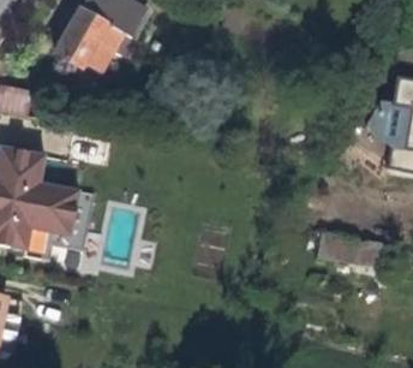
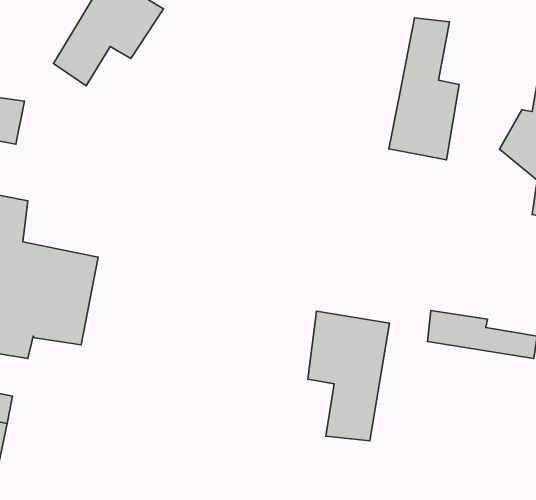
building: none -> [389,18,459,160]
building: none -> [308,311,390,441]

